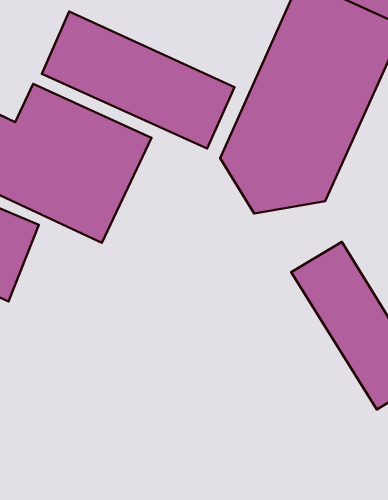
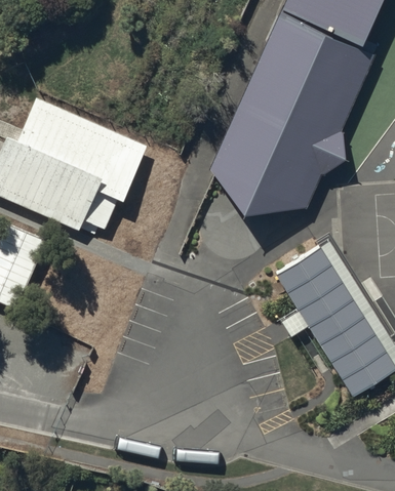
building: [42,11,235,148] -> none

